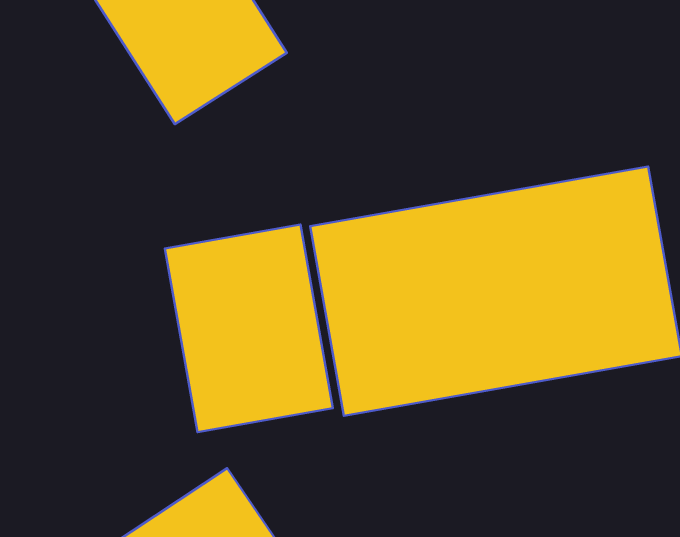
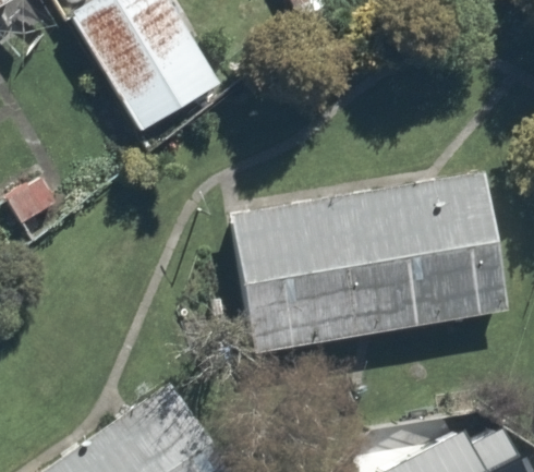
building: [165,224,333,432] -> none

